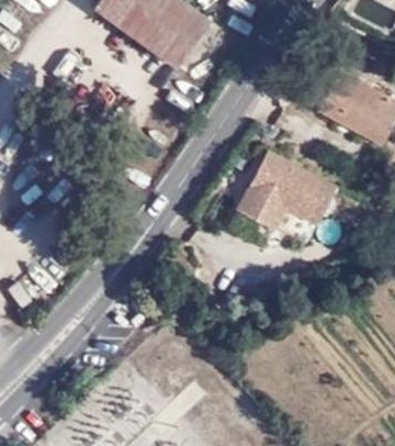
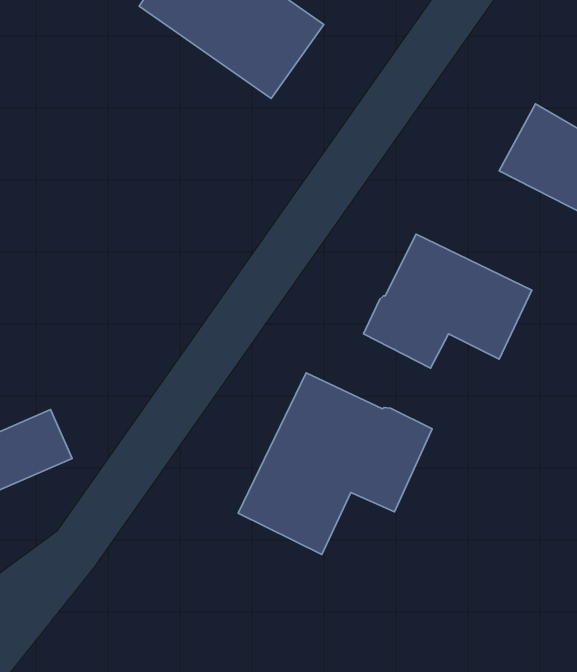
building: none -> [238,373,432,555]

